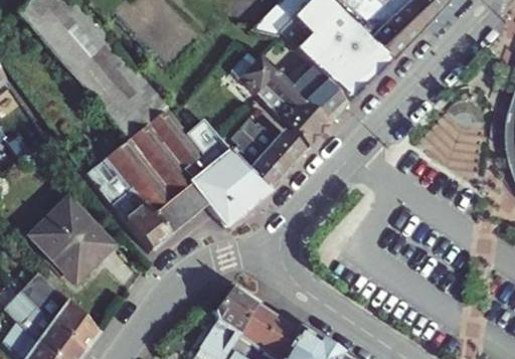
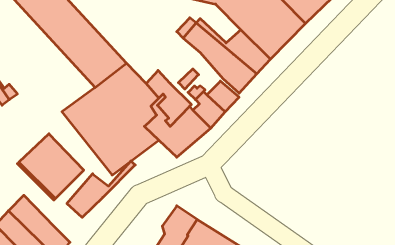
building: none -> [67,161,135,217]

